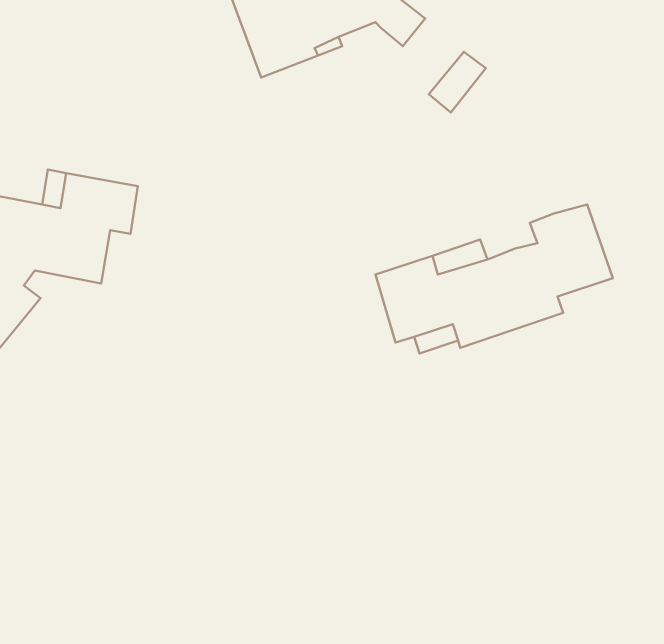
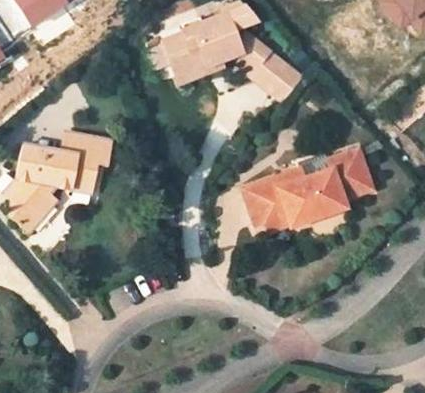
building: none -> [241,49,289,90]

